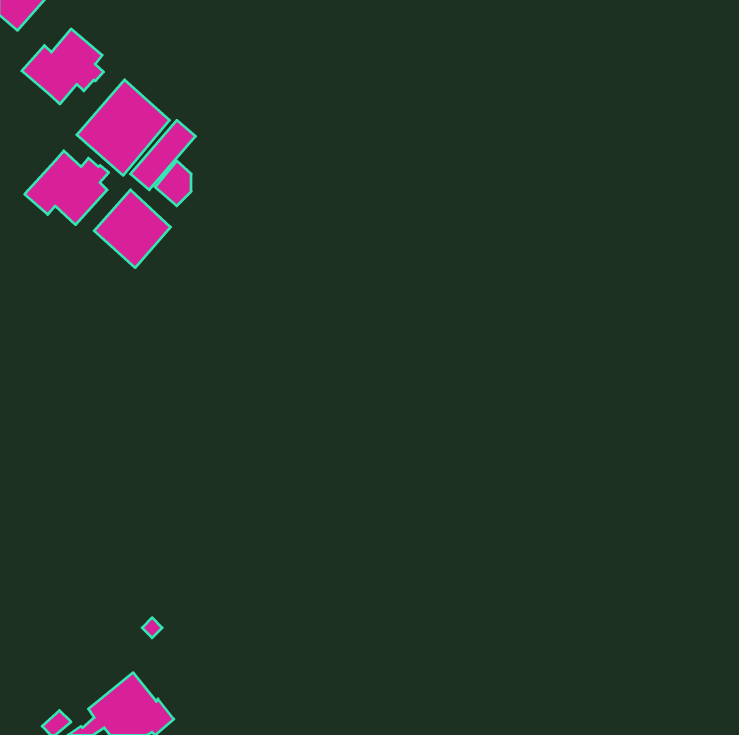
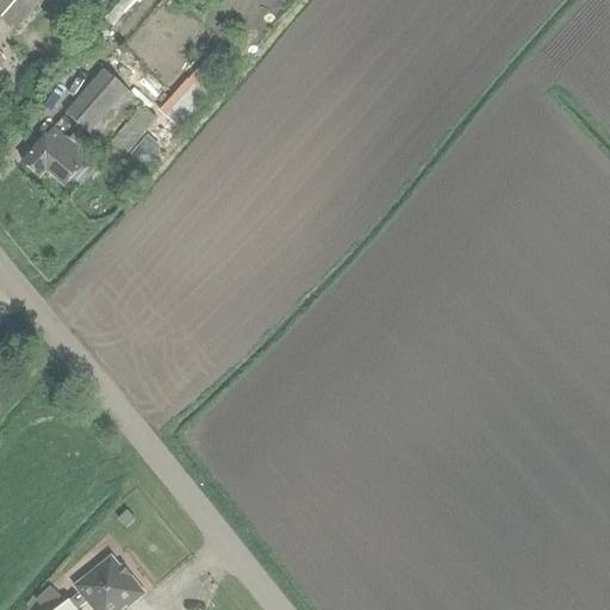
building: [22,29,104,104] -> none
building: [94,190,171,268] -> none

